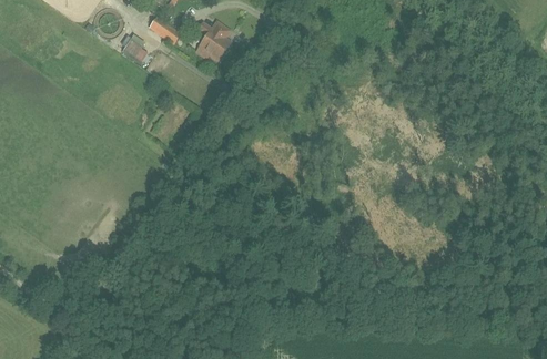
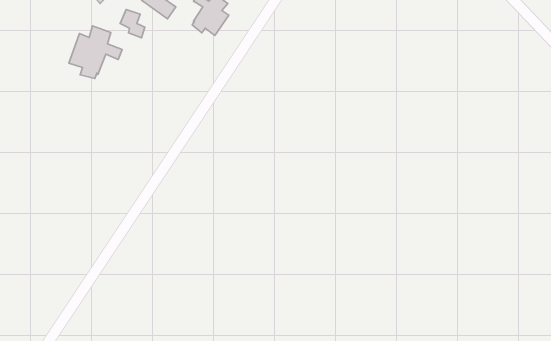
building: none -> [69,26,122,78]

